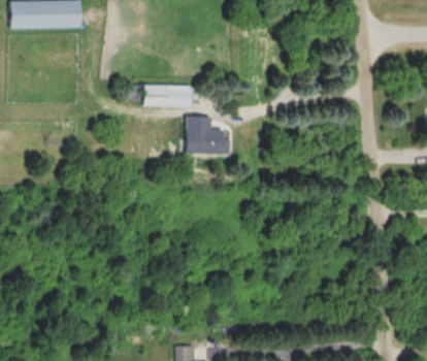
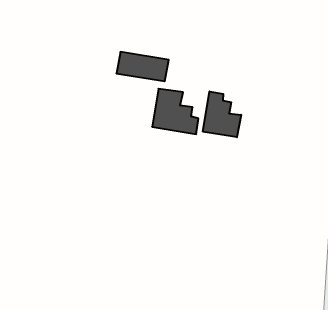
building: none -> [203,91,241,137]

